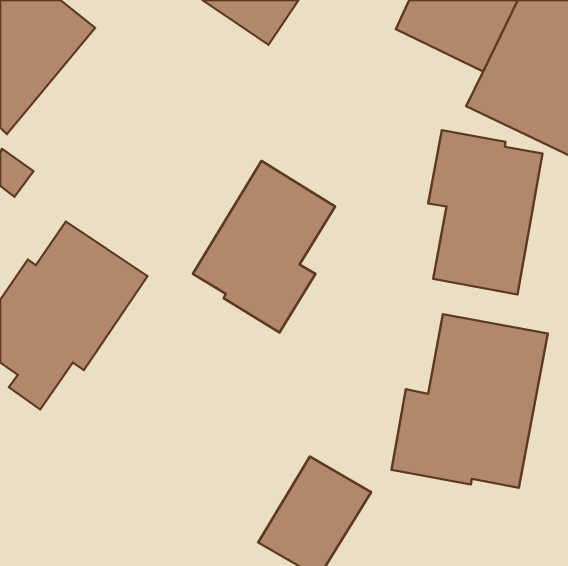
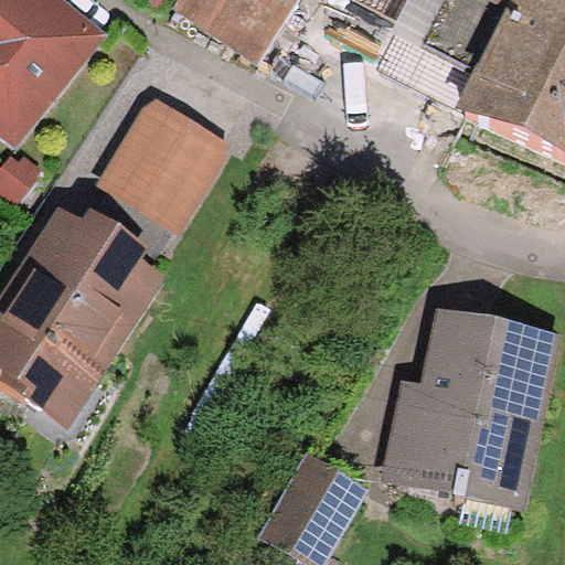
building: none -> [98,102,222,224]
building: [428,130,543,295] -> none
building: [193,161,335,332] -> none

